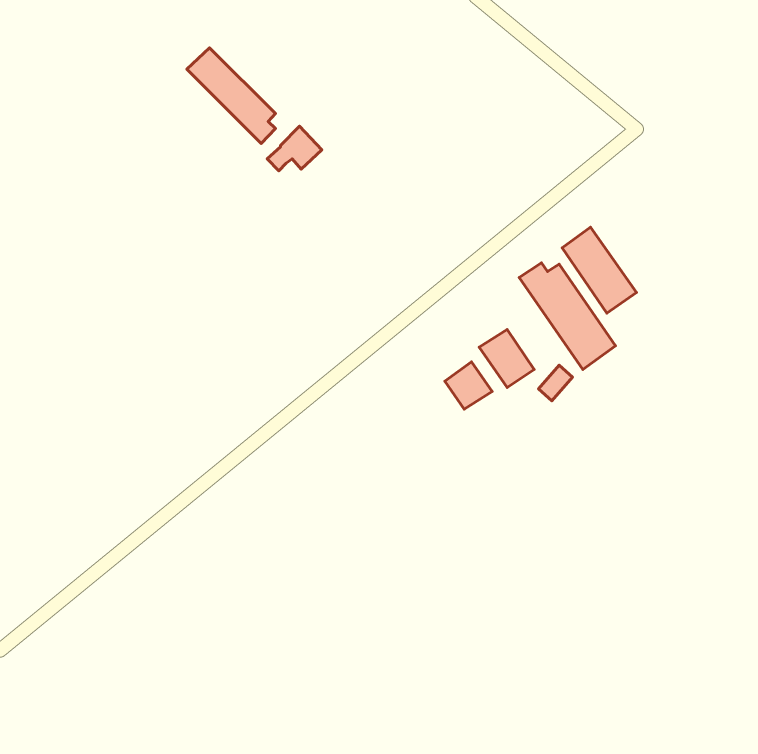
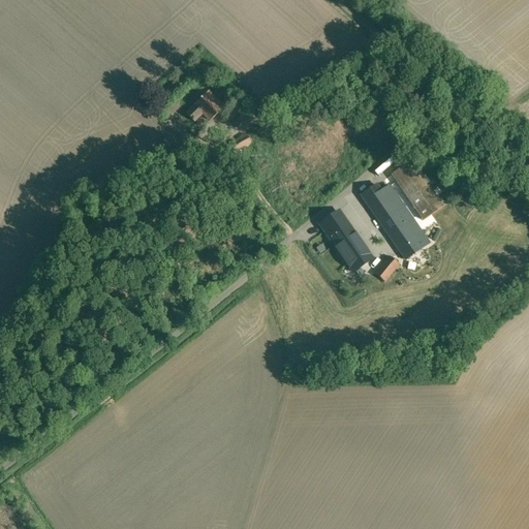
building: [187,48,275,144] -> none
building: [445,362,492,409] -> [320,209,353,242]

